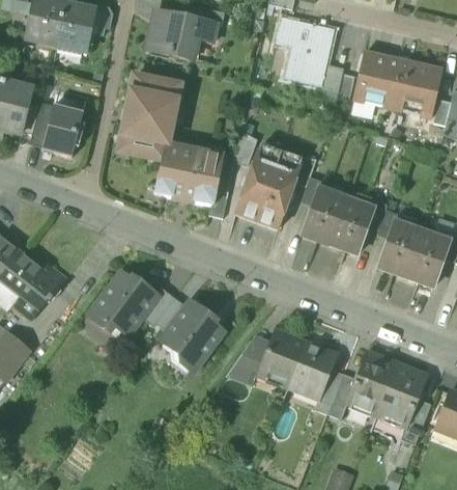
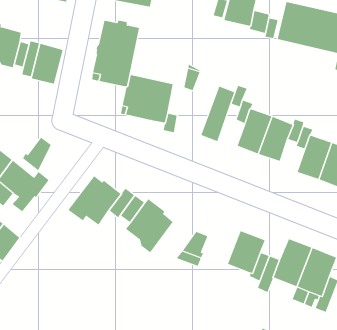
building: [235,151,280,220] -> none
building: none -> [22,137,52,171]
building: [258,328,307,381] -> none

